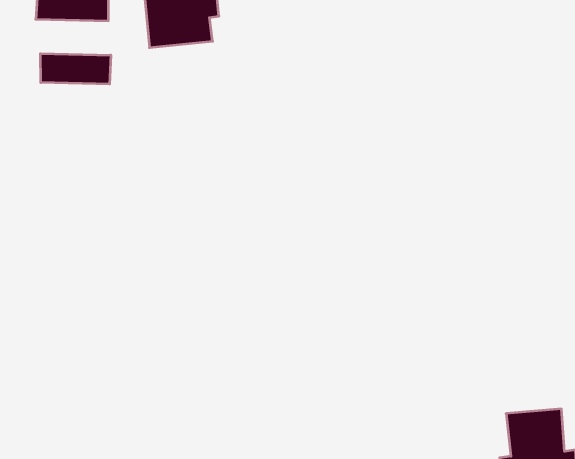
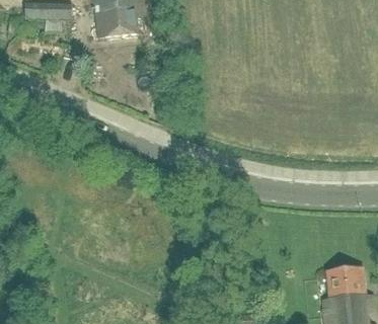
building: [40,54,111,84] -> none

